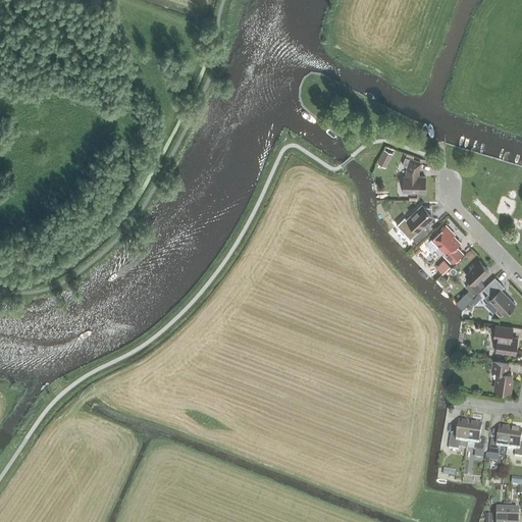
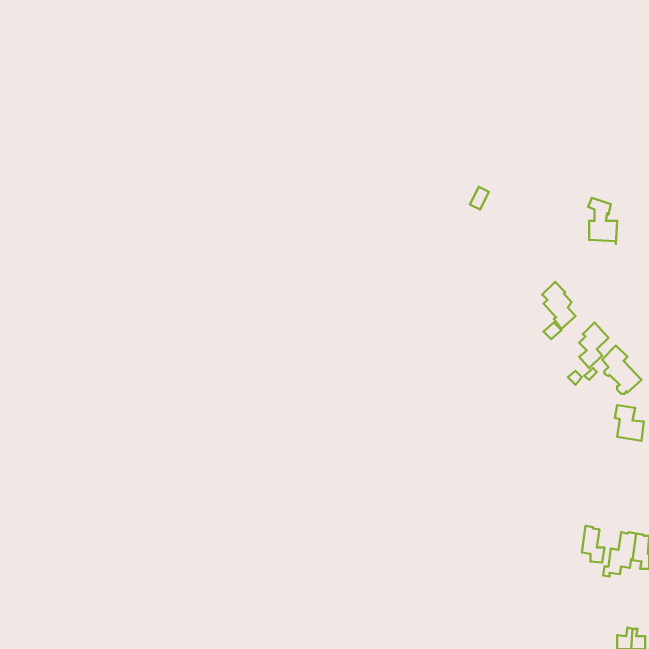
building: [402,158,425,195] -> [588,198,617,244]
building: [403,205,433,243] -> none
building: [490,361,511,393] -> none
building: [449,421,470,451] -> none

